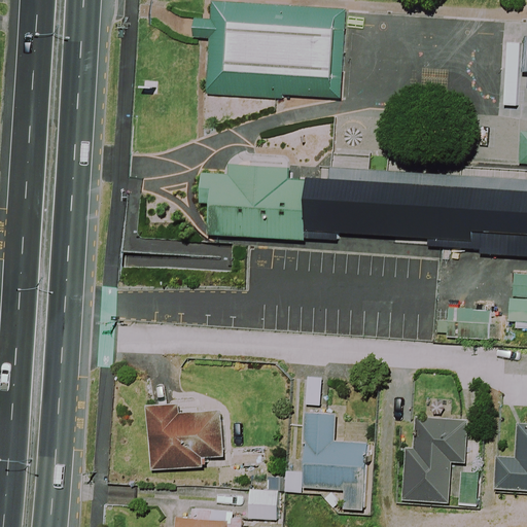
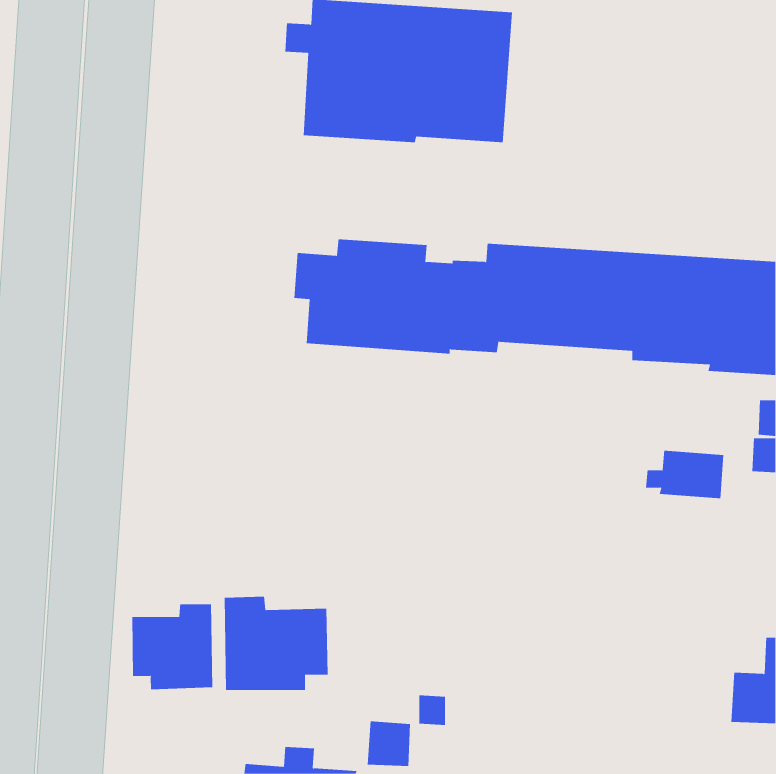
building: none -> [132,604,213,690]
building: [304,413,367,510] -> none
building: [399,417,466,502] -> none

